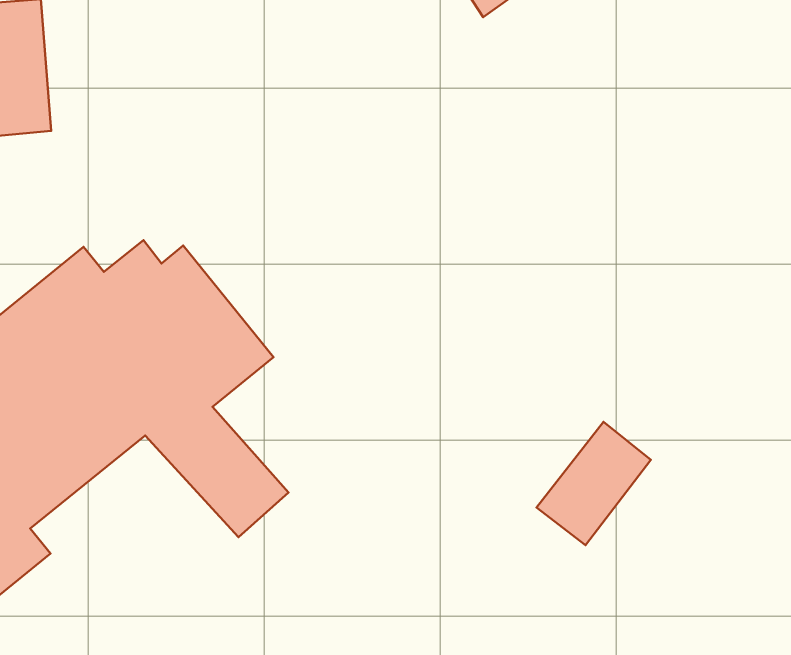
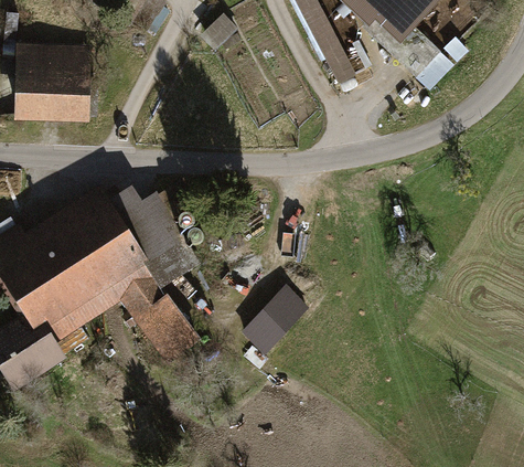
building: [536,422,651,545] -> [239,287,307,355]

